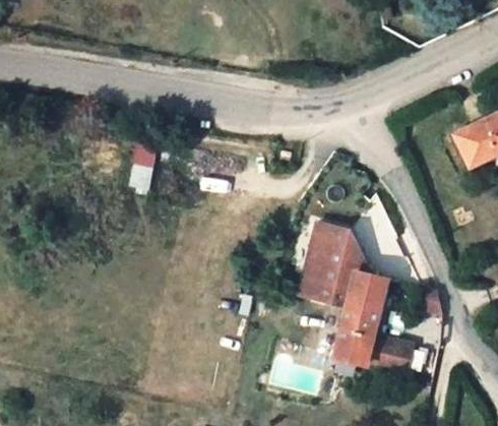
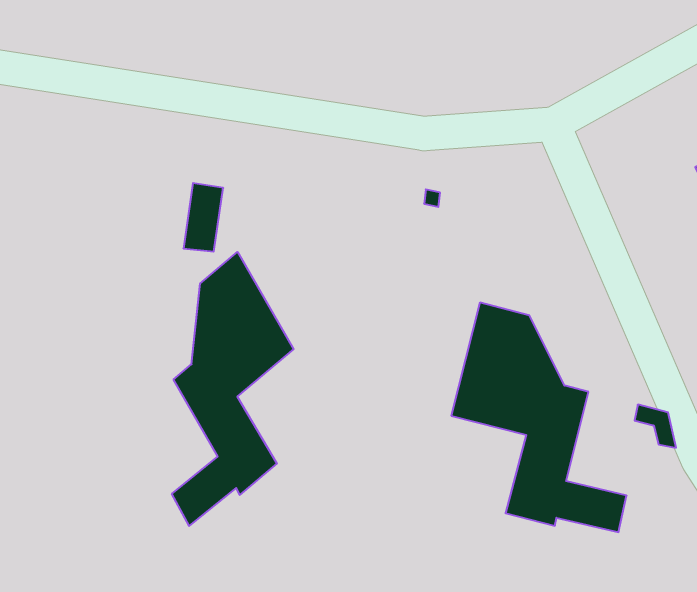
building: none -> [172,252,294,526]

